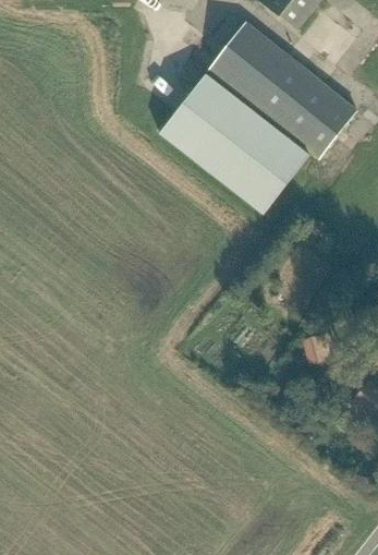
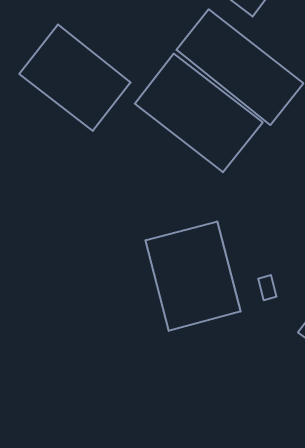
building: none -> [19,24,131,131]
building: none -> [146,221,241,331]

